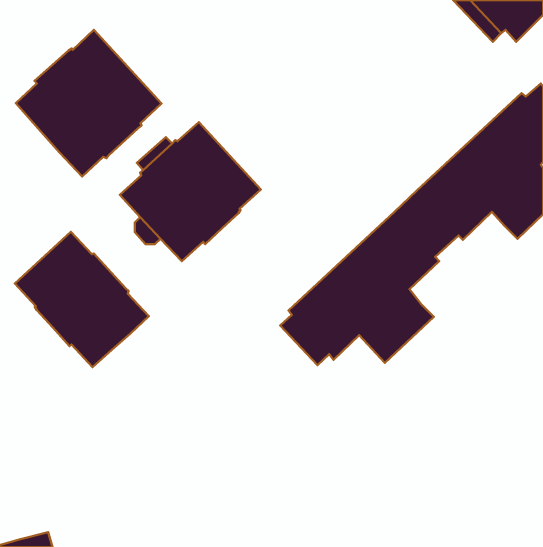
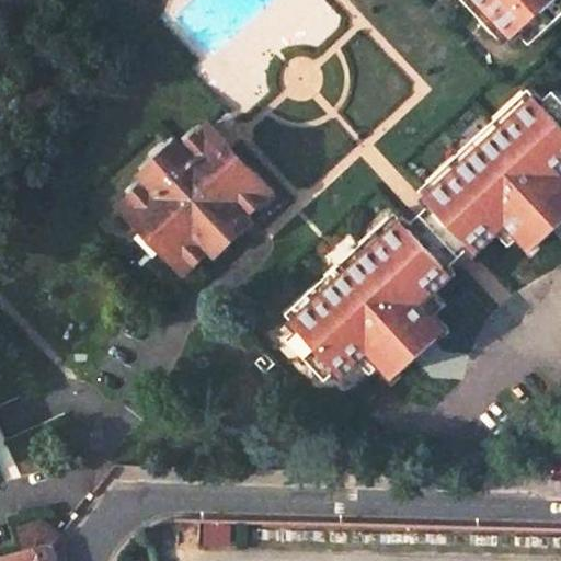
building: [16,30,161,177] -> none
building: [15,232,149,367] -> none

